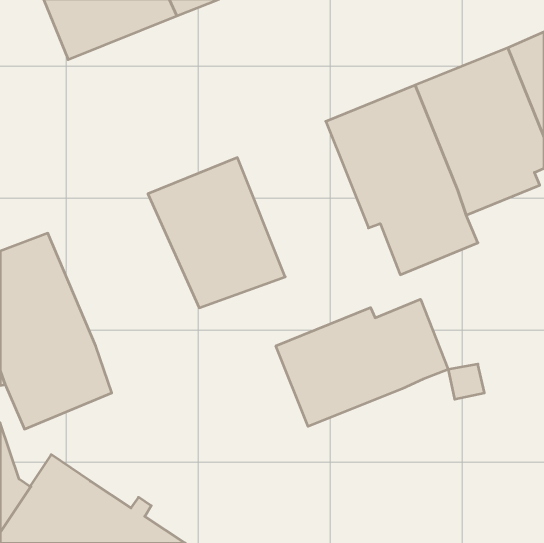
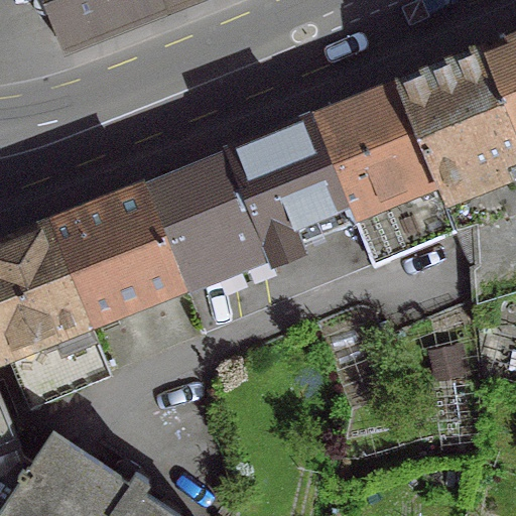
building: none -> [225,115,350,262]
building: none -> [45,183,188,328]
building: [276,299,448,426] -> none

